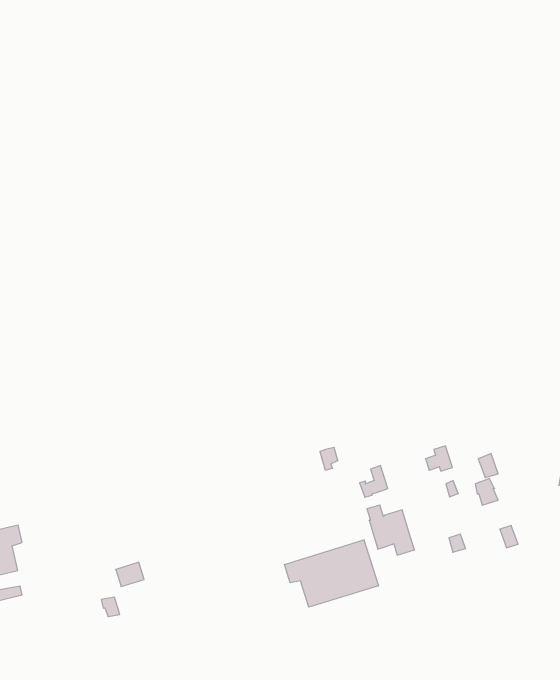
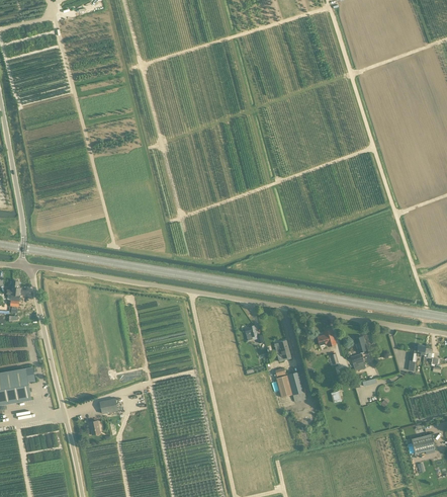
building: [284,540,379,607] -> none

